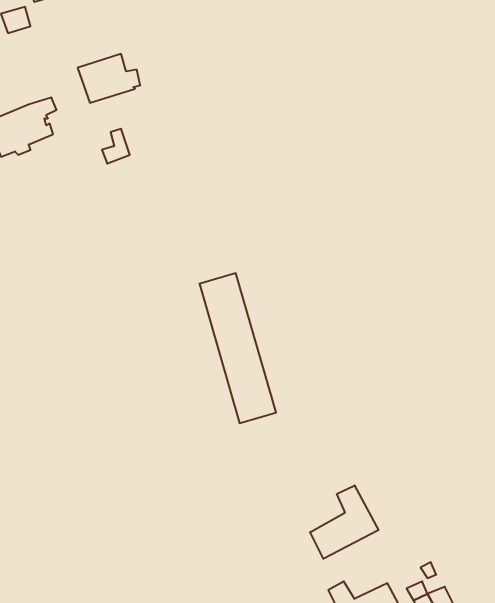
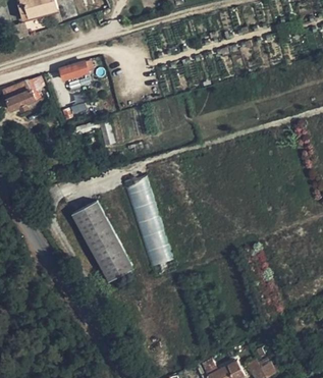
building: none -> [71,201,132,281]
building: [310,485,379,559] -> none

